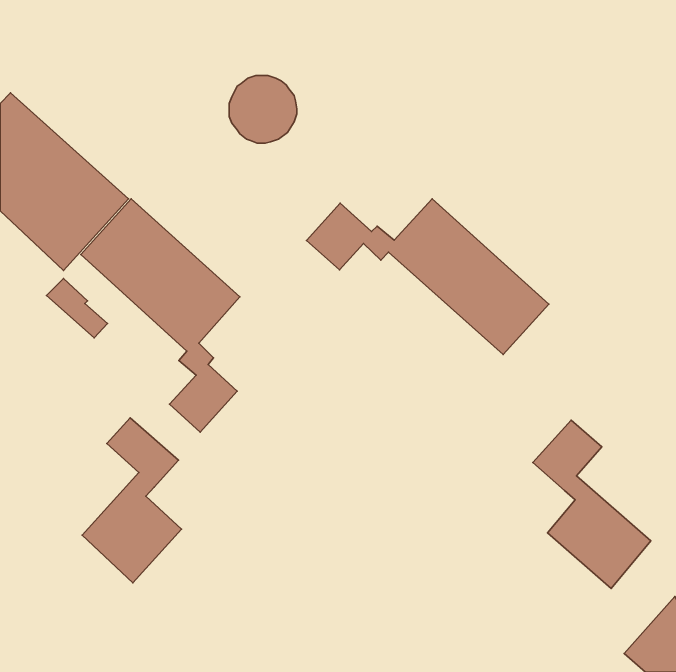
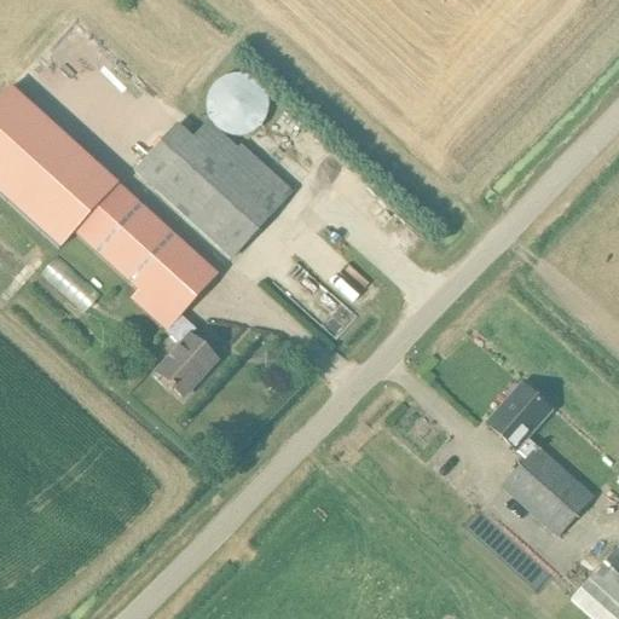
building: none -> [134,117,294,256]
building: [307,199,549,355] -> none
building: [82,418,181,583] -> none

